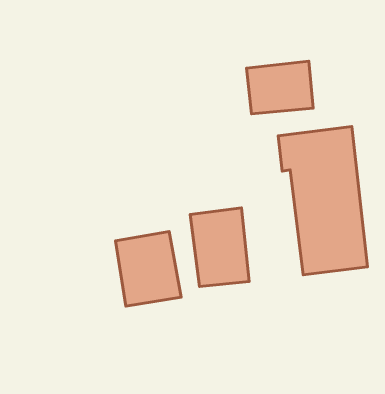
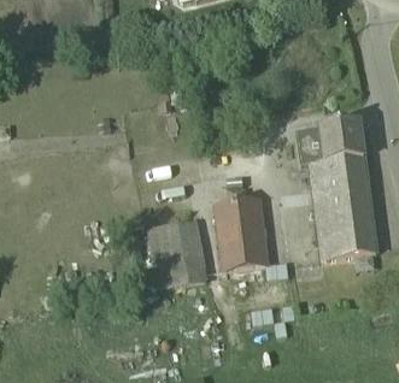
building: [246,61,313,114] -> none

